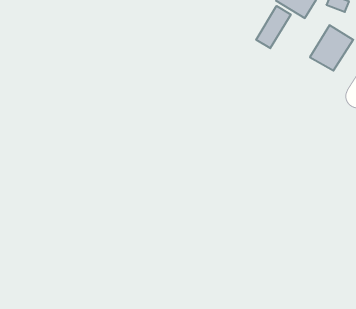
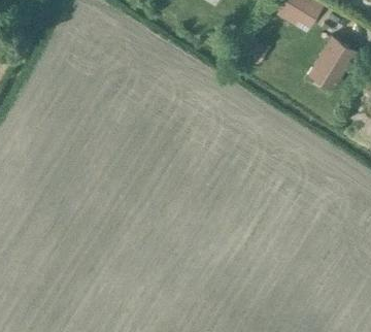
building: [256,6,291,48] -> none

